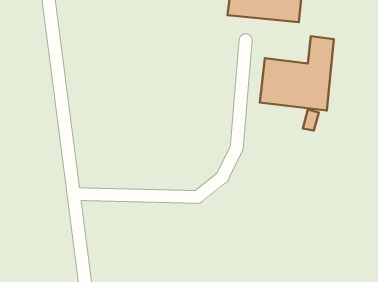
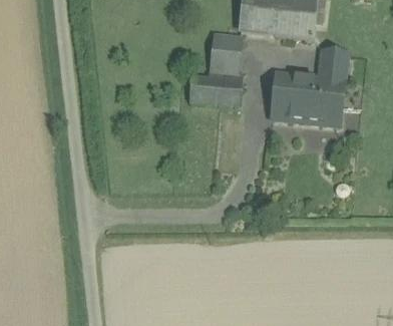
building: none -> [211,33,240,69]
building: none -> [188,73,242,104]

